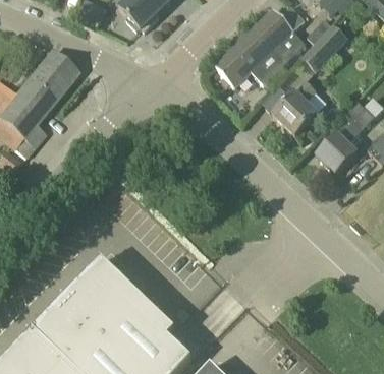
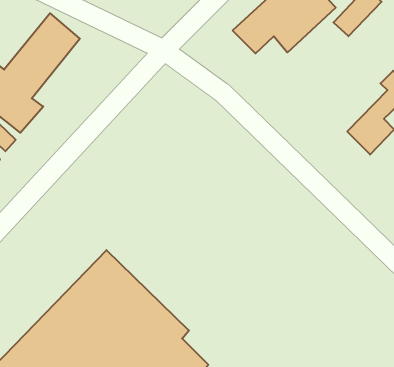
building: [273,80,317,134] -> none

